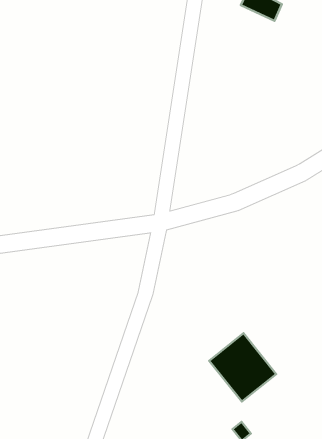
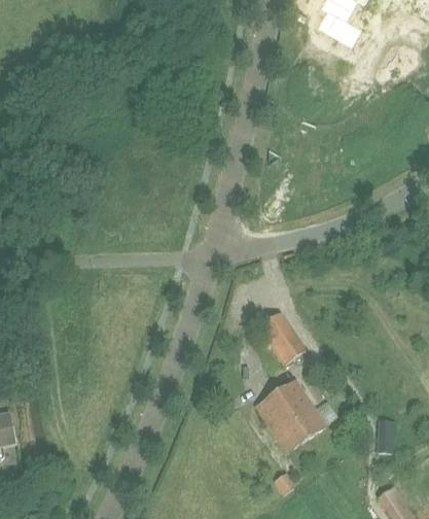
building: none -> [259,312,306,364]

